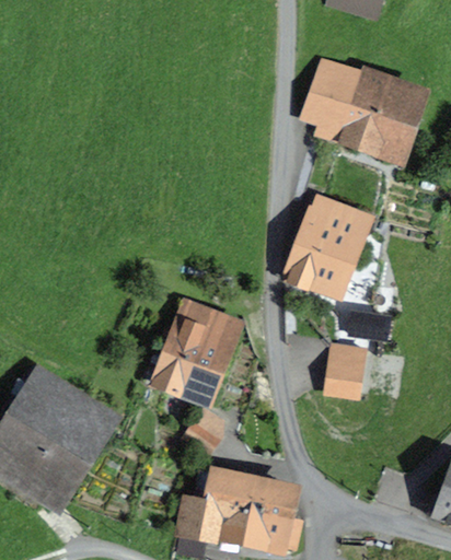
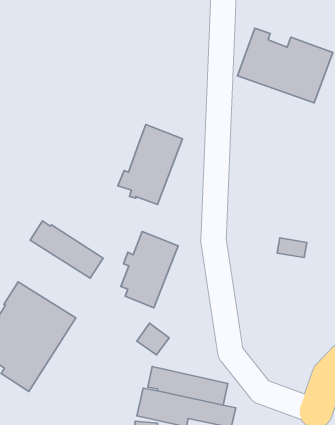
building: [287,199,366,296] -> [118,125,183,205]
building: none -> [30,221,103,278]
building: [326,345,367,397] -> none

